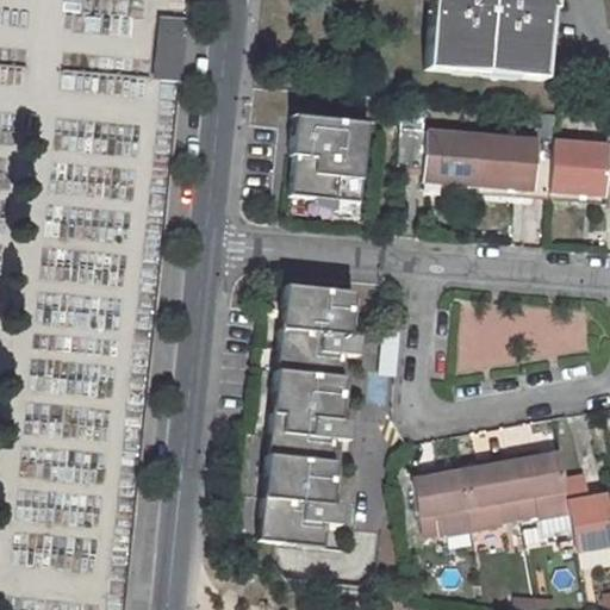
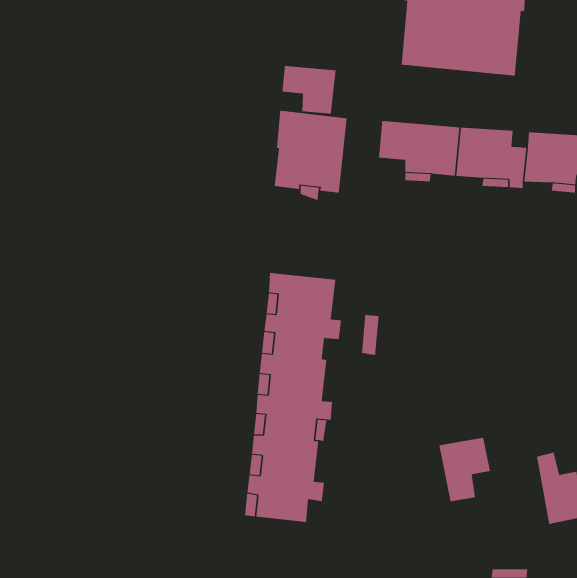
building: [156,17,191,79] -> none
building: none -> [282,65,336,114]
building: [511,449,571,513] -> none
building: [417,467,475,531] -> none

